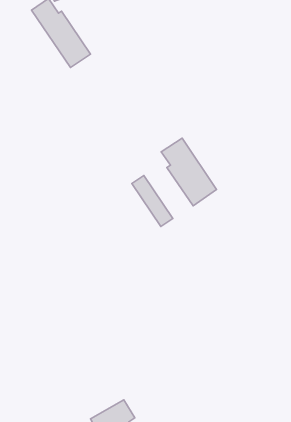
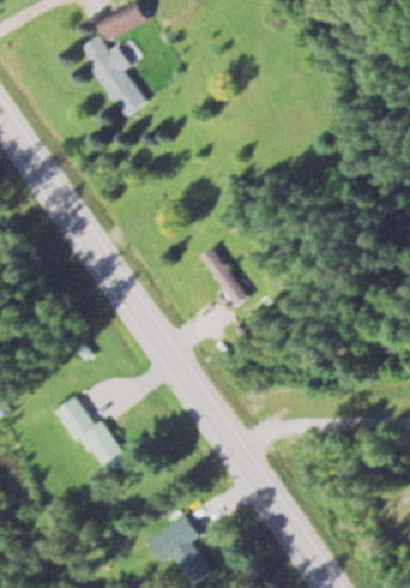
building: [161,138,217,206] -> none
building: none -> [58,392,125,476]

